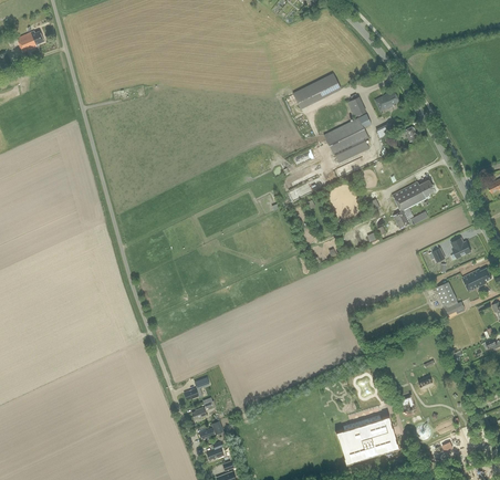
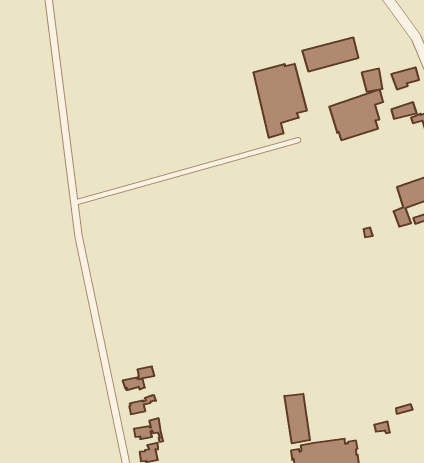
building: none -> [254,64,307,138]
building: none -> [284,394,310,443]

